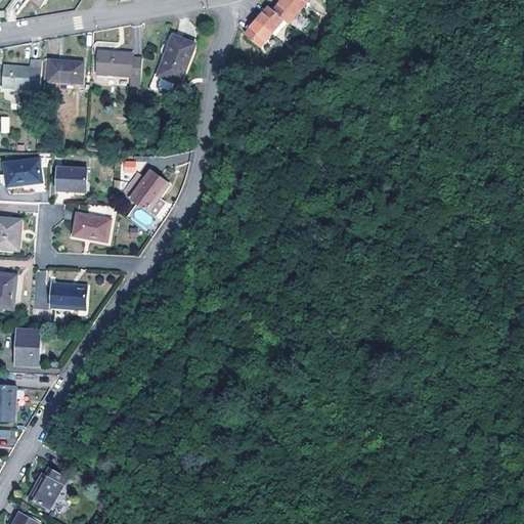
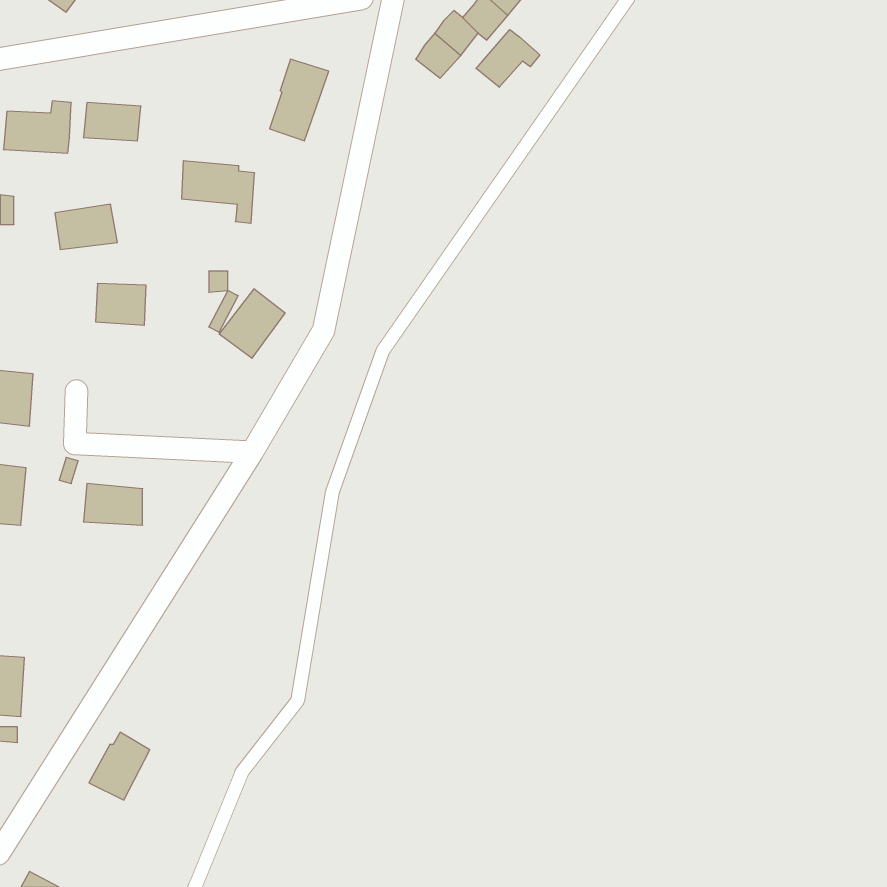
building: none -> [476,30,540,87]
building: [98,51,141,88] -> [182,161,255,223]
building: [5,159,42,185] -> [55,204,117,249]
building: [73,212,111,241] -> none
building: [15,331,39,365] -> none
building: [29,468,64,508] -> [89,732,150,800]

